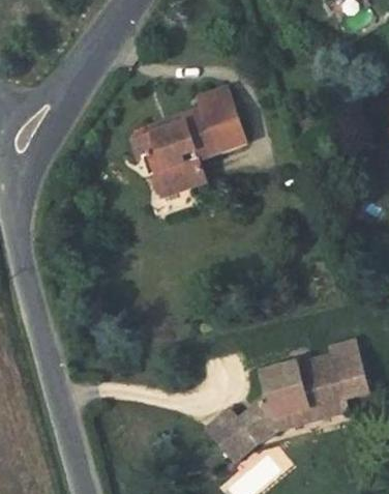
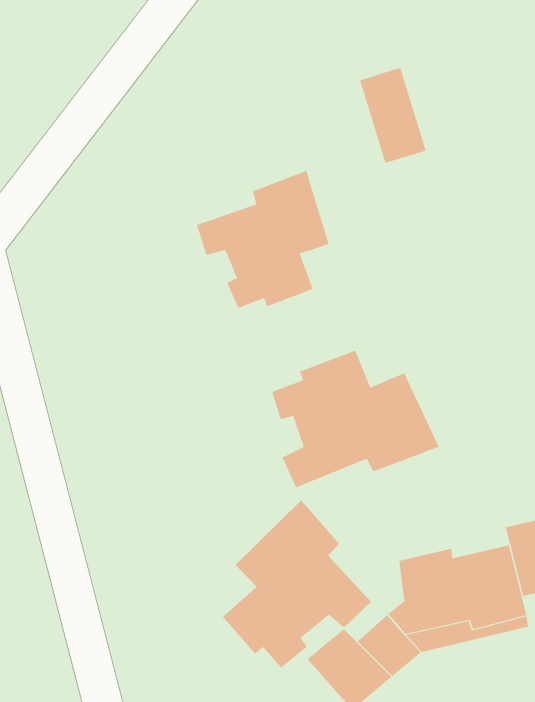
building: [203,96,246,158] -> [359,67,427,164]
building: none -> [271,350,439,488]
building: none -> [222,500,372,668]

